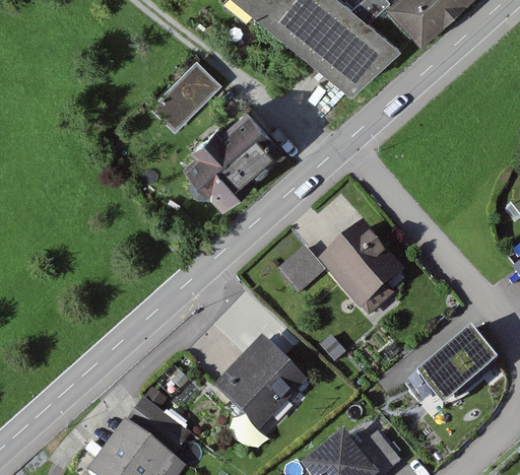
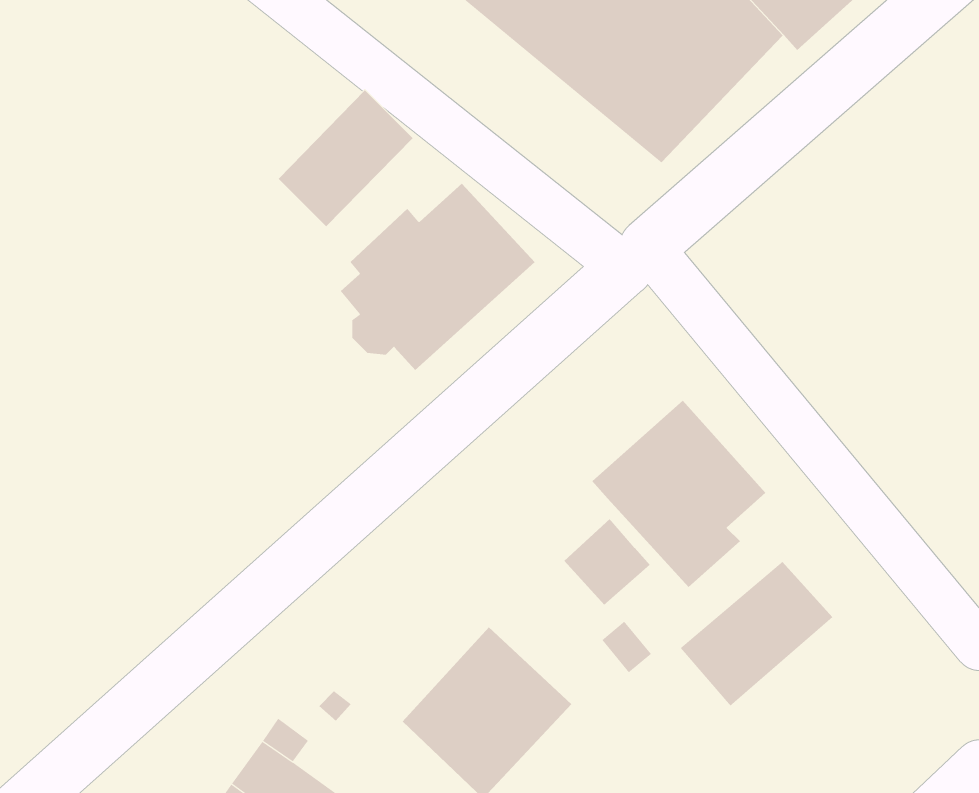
building: [277,247,323,292] -> [563,518,651,605]
building: [416,330,497,406] -> [680,561,833,706]

